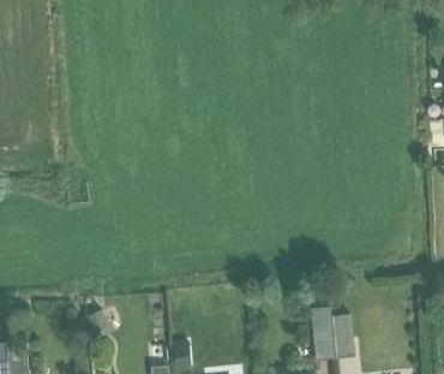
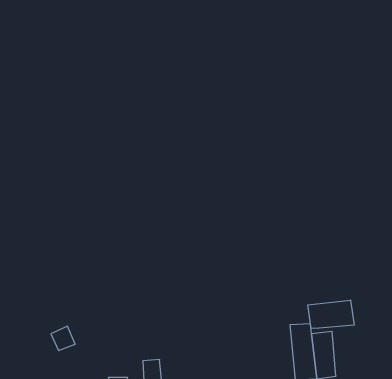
building: none -> [308,300,354,329]

